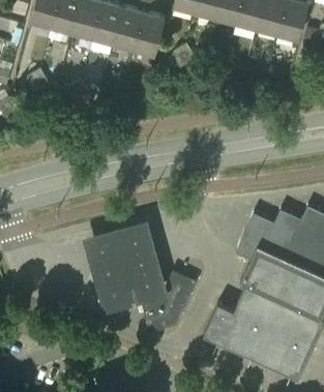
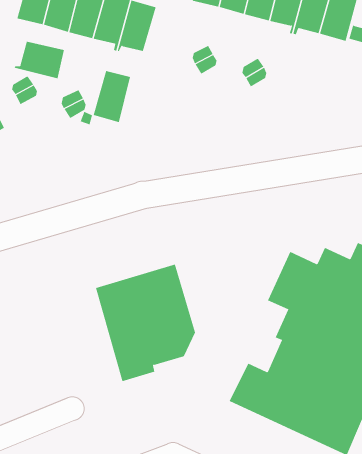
building: [134,13,165,56] -> [93,71,131,123]
building: none -> [14,41,65,79]
building: [142,278,196,333] -> none

